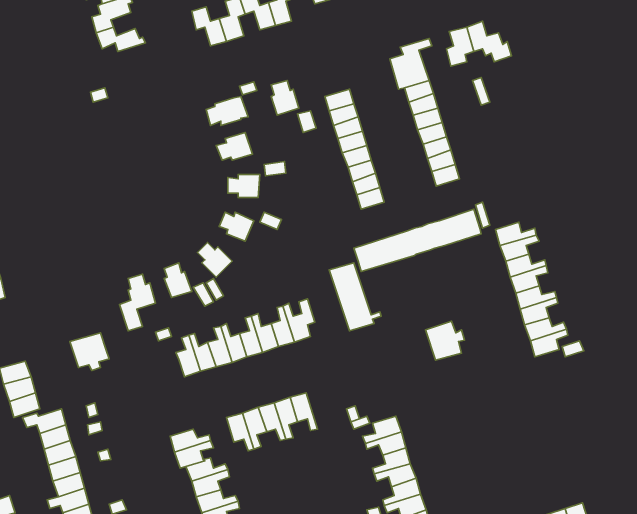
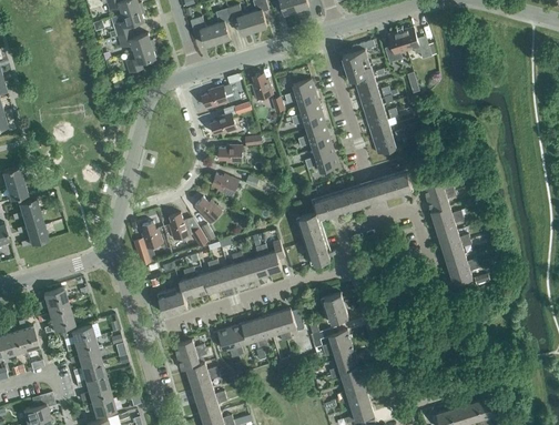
building: none -> [126,44,156,73]
building: [425,321,464,360] -> [321,293,350,323]
building: [70,333,109,371] -> [157,287,187,316]
building: none -> [278,310,305,341]

